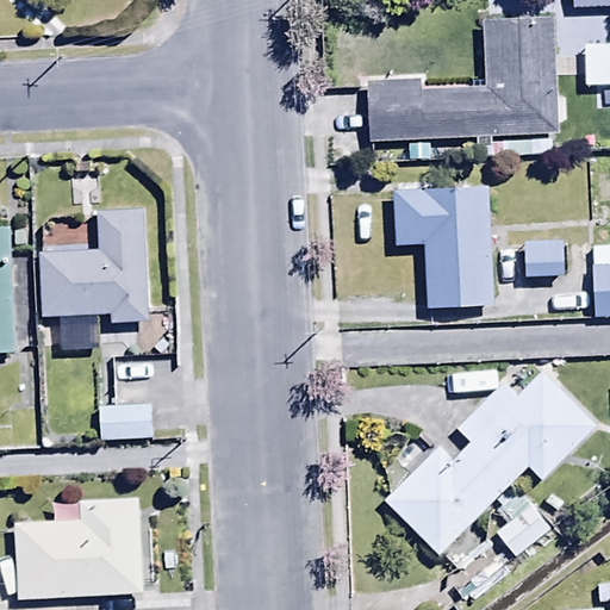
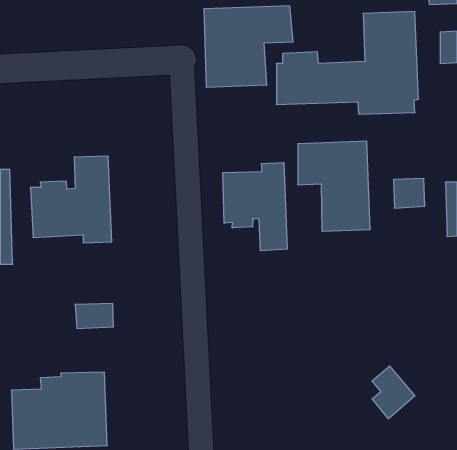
building: none -> [204,6,293,87]
building: none -> [223,162,287,251]
building: [382,368,599,555] -> none

